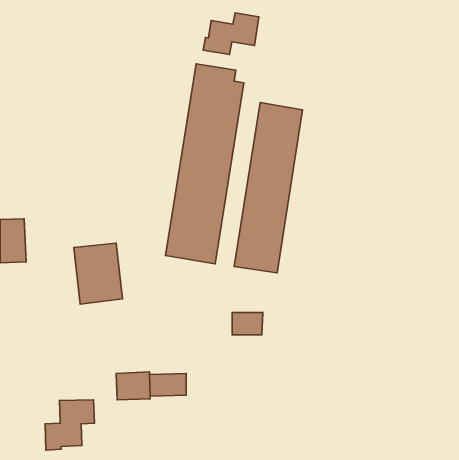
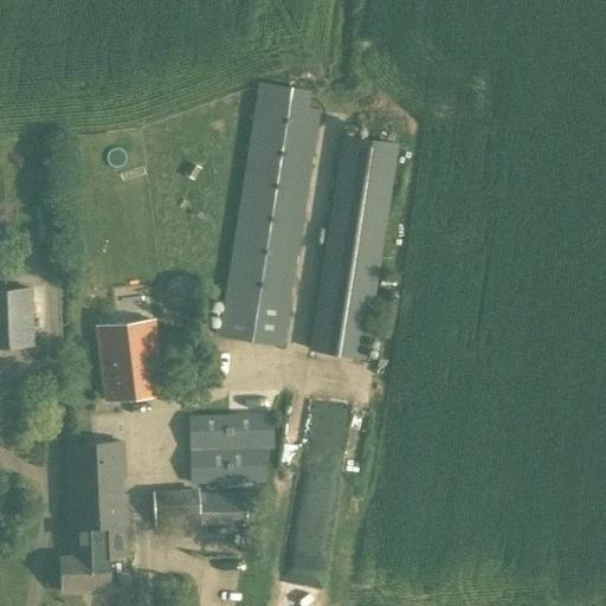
building: [203,13,259,54] -> none
building: none -> [191,413,273,486]
building: none -> [65,440,129,527]

